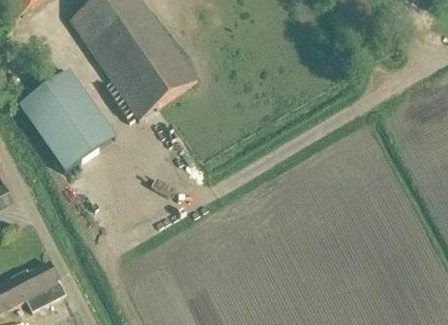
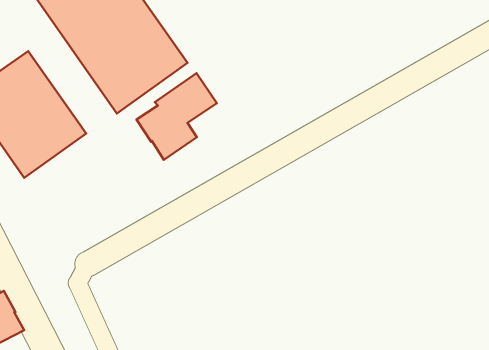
building: none -> [136,73,217,160]

